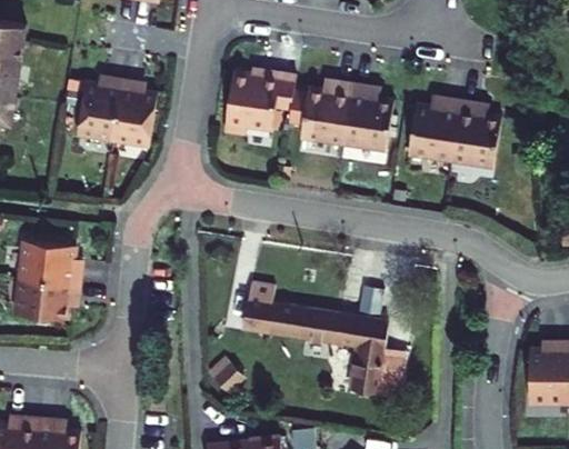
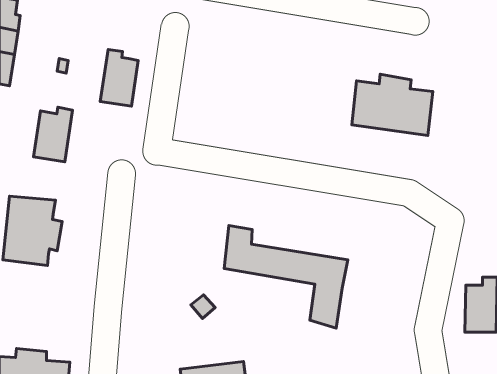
building: [80,76,124,138] -> [34,107,73,162]
building: [216,79,286,142] -> none
building: [293,91,386,159] -> none

